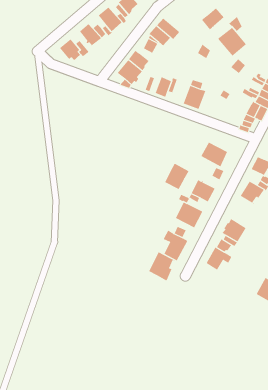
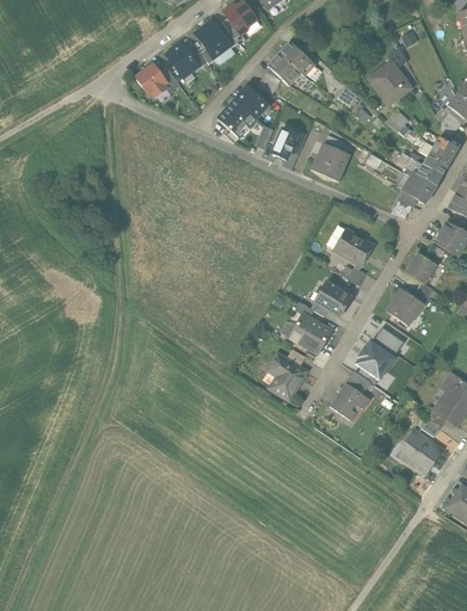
building: [201,7,225,30] -> none
building: [164,163,189,190] -> none
building: none -> [373,326,404,358]
building: [149,251,176,281] -> none

